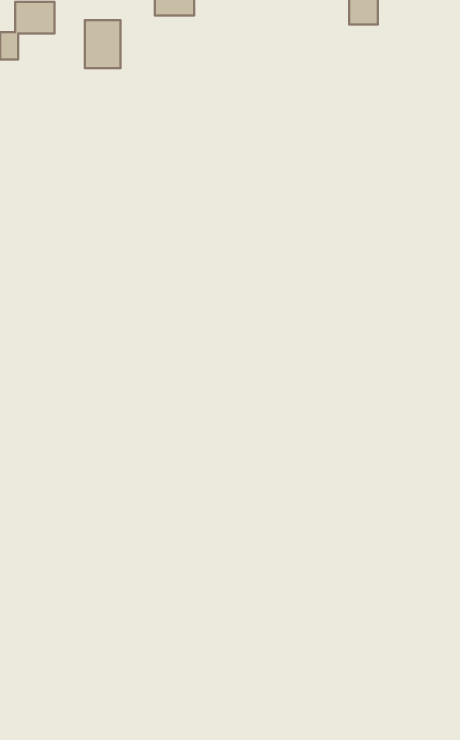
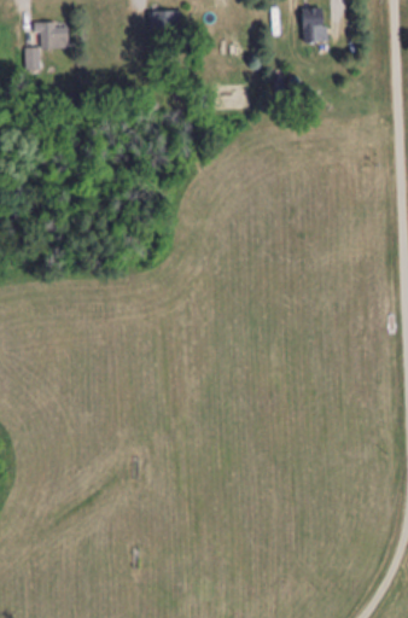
building: [85,20,121,68] -> none

